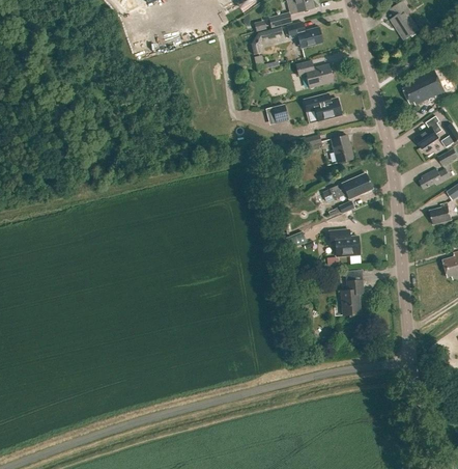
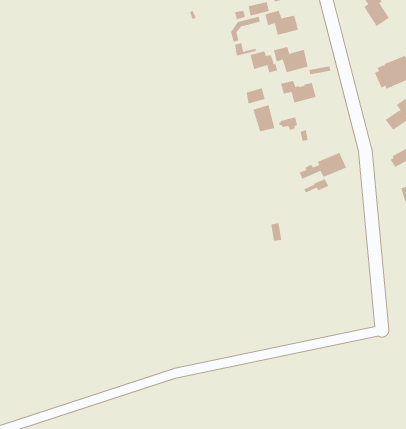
building: none -> [250,50,278,73]
building: [330,134,353,163] -> [253,105,275,132]
building: [328,230,361,256] -> none
building: [340,280,364,315] -> none

